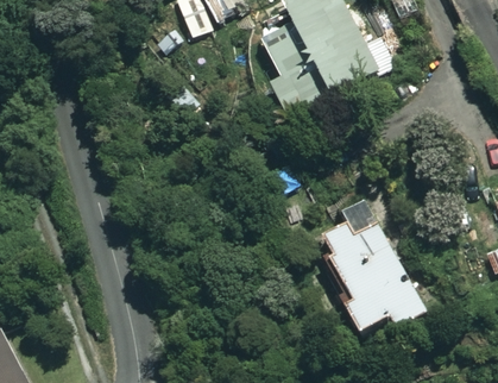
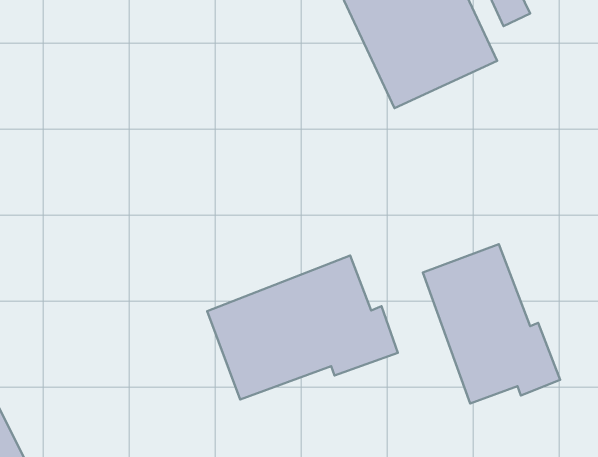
building: none -> [207,255,398,400]

